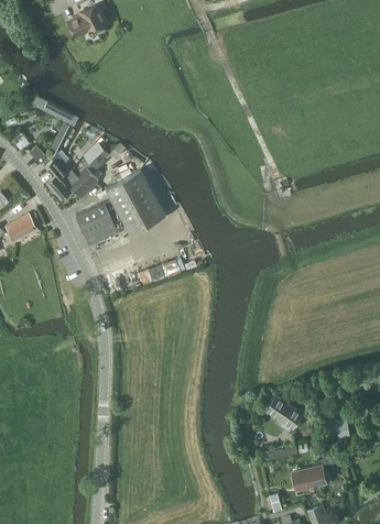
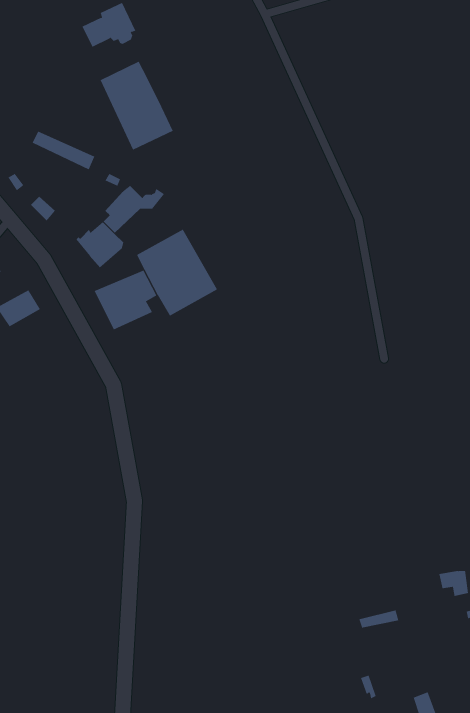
building: none -> [100,61,173,150]
building: [47,153,74,199] -> none
building: [269,396,303,426] -> none
building: [294,467,327,490] -> none

